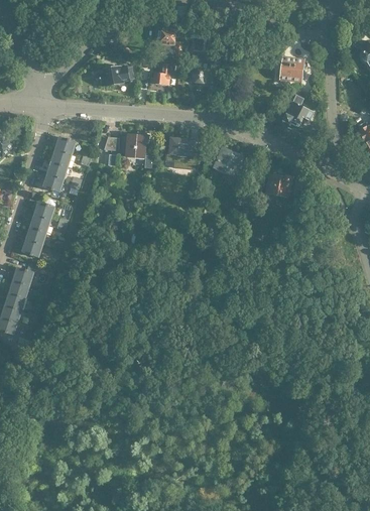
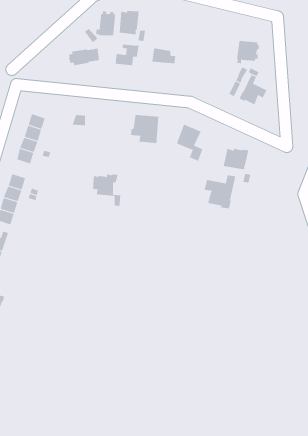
building: none -> [96,10,116,36]
building: [121,133,152,168] -> [92,174,121,207]
building: none -> [204,174,236,209]

